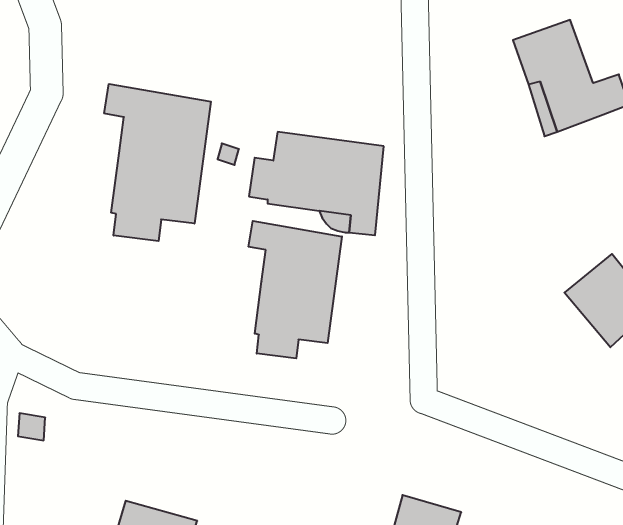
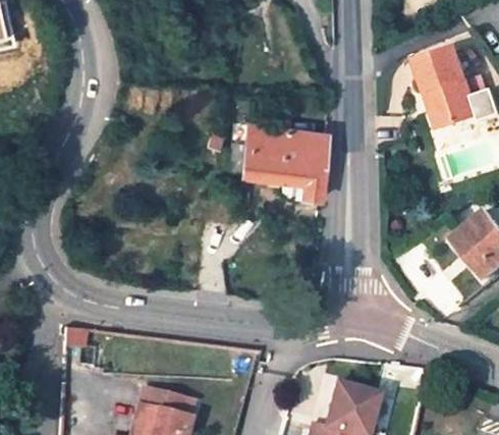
building: [104,84,211,241] -> none
building: [249,221,342,358] -> none

